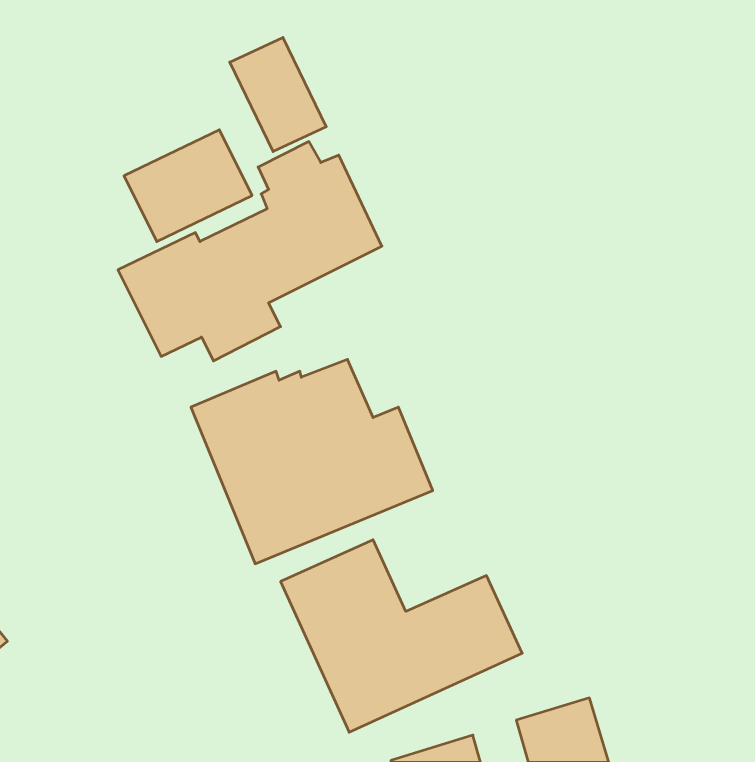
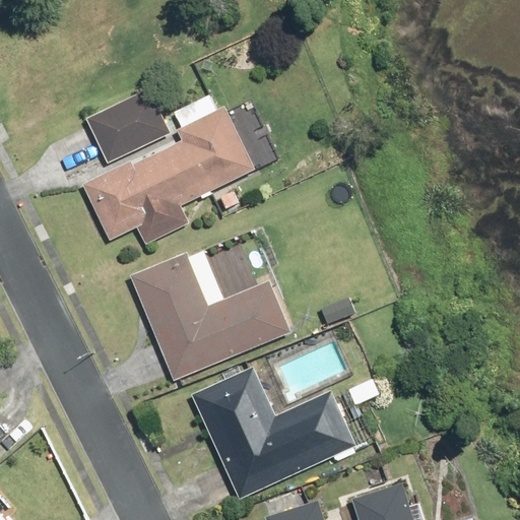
building: [230,37,326,152] -> none

